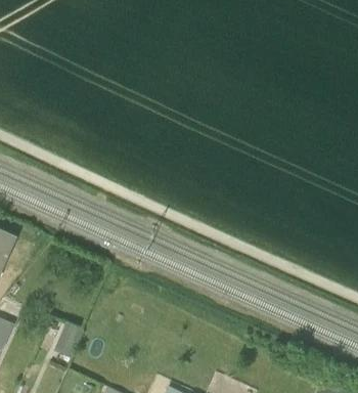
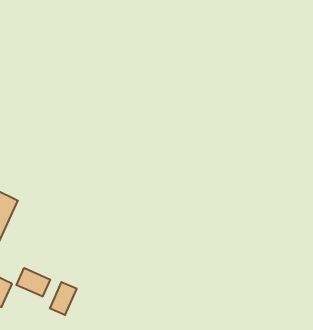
building: none -> [16,268,50,297]

